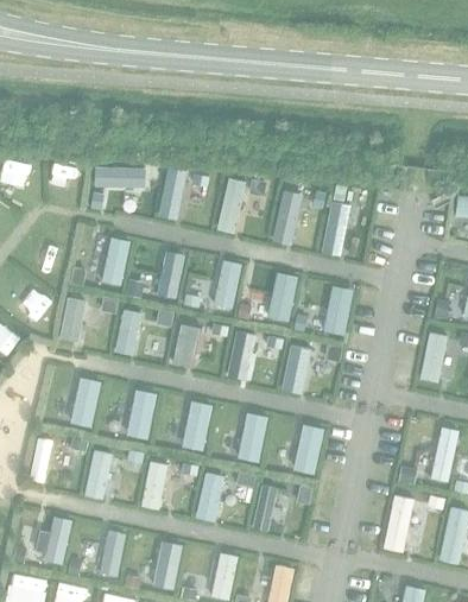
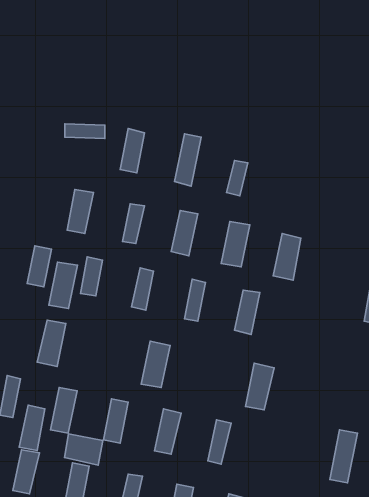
building: [321,202,349,256] -> none
building: [125,389,156,439] -> [49,262,78,309]
building: [236,412,267,462] -> none
building: none -> [19,405,45,450]
building: none -> [64,434,103,465]

